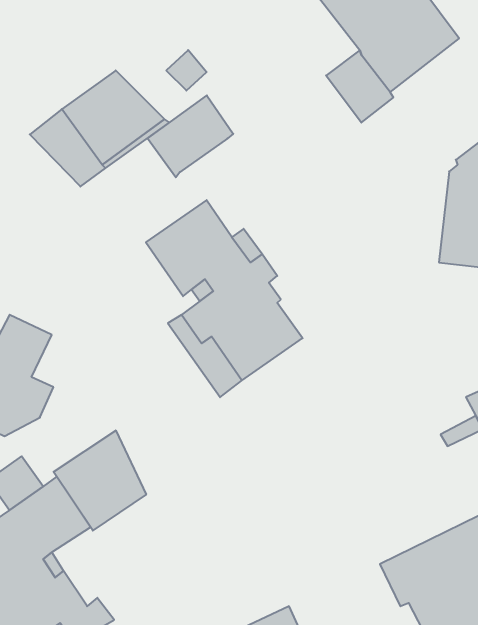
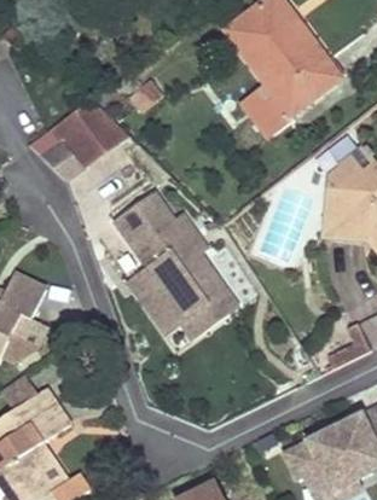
building: [148,95,233,177] -> none
building: none -> [182,261,240,335]
building: [54,430,146,531] -> none

